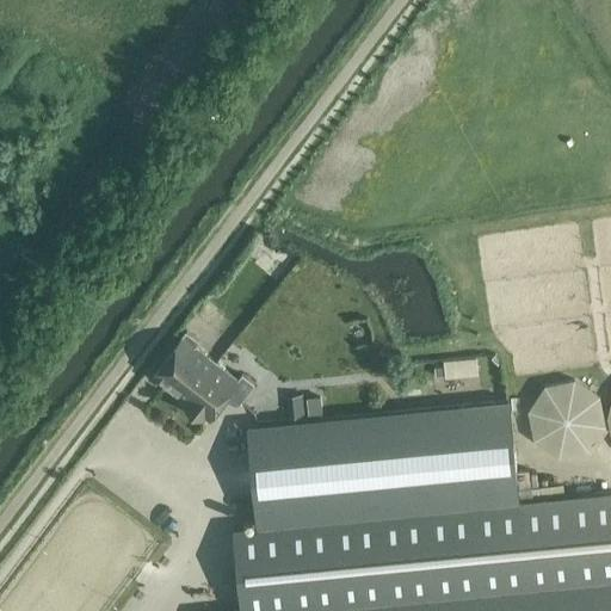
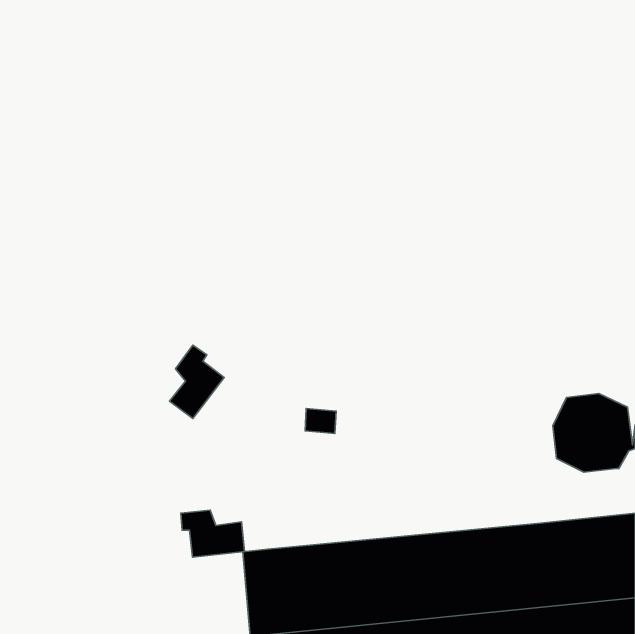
building: [183,364,253,421] -> none
building: [246,405,518,529] -> none
building: none -> [181,510,244,557]

